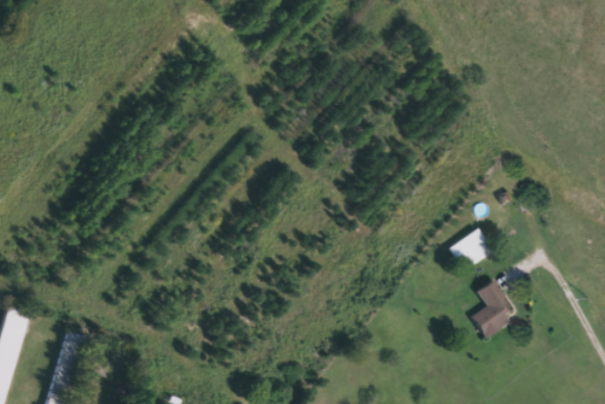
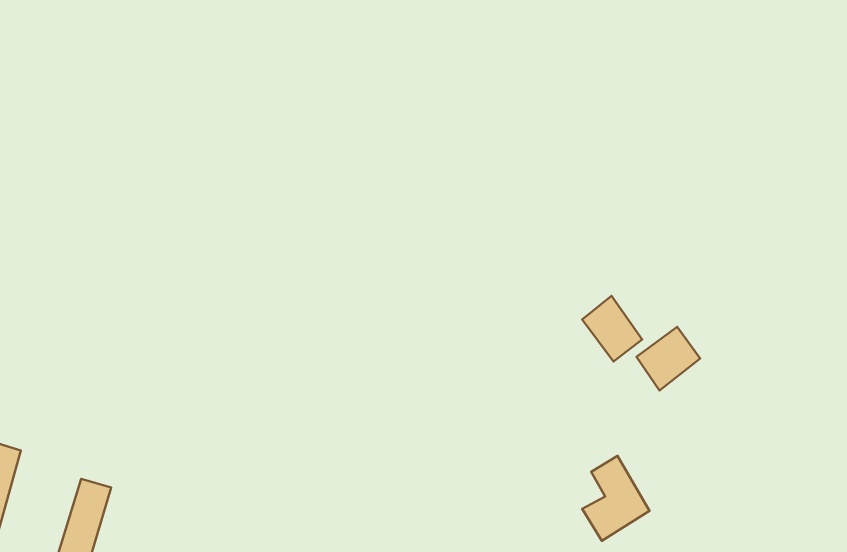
building: none -> [582,296,642,361]
building: [470,279,516,336] -> [582,456,649,541]

